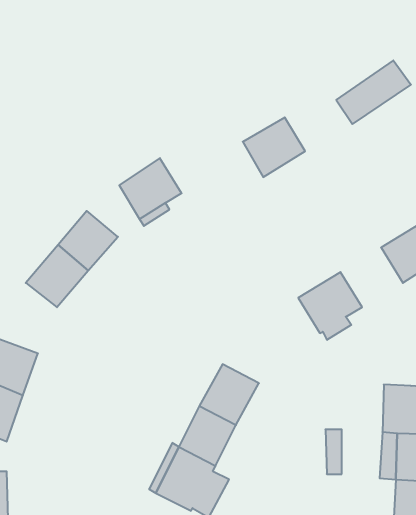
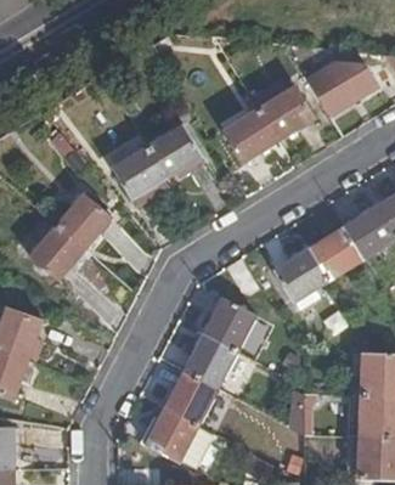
building: none -> [261,89,314,140]
building: none -> [149,125,203,177]
building: none -> [311,226,367,280]
building: none -> [205,299,255,348]

